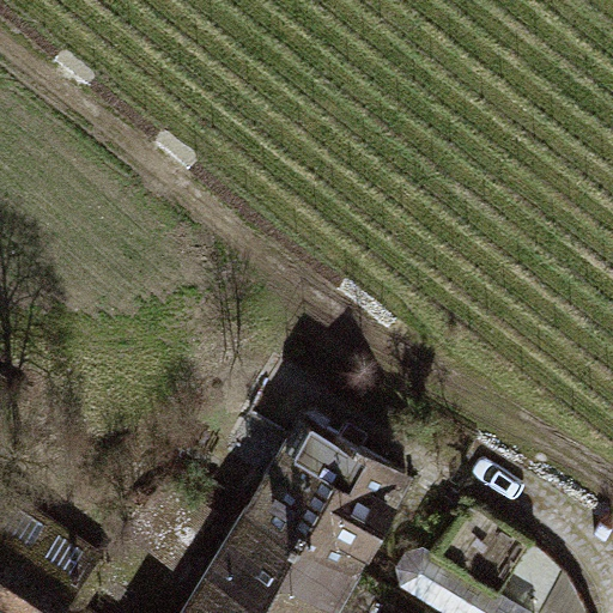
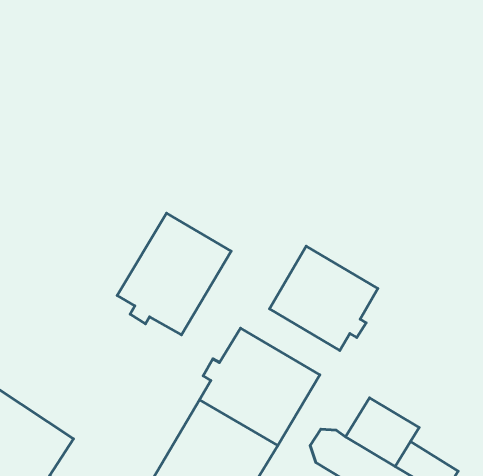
building: none -> [117,213,231,335]
building: none -> [270,246,378,351]

